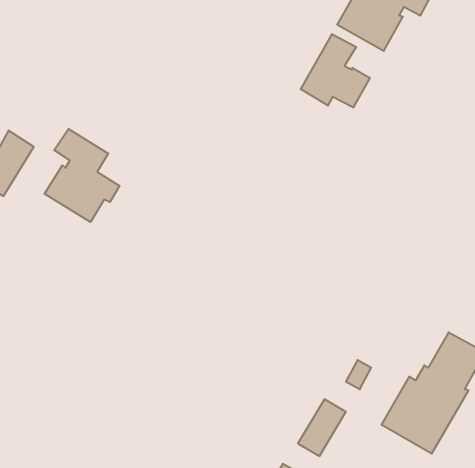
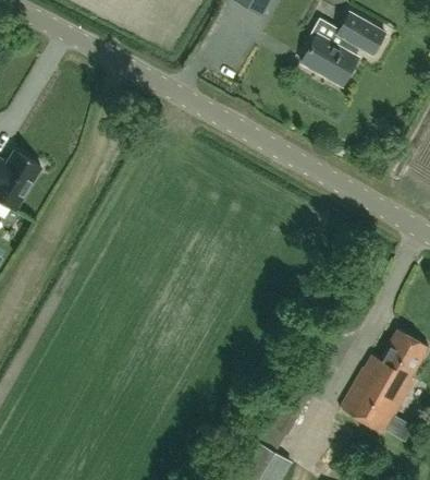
building: [301,34,370,108] -> none
building: [44,129,119,222] -> none

